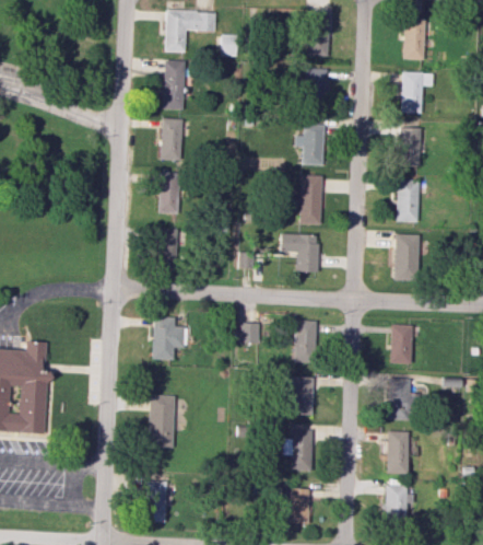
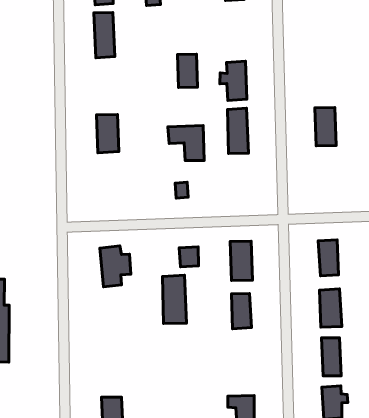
building: [305,68,327,105] -> [177,54,198,88]
building: [400,72,432,114] -> none
building: [161,118,190,160] -> none
building: [398,127,421,165] -> none
building: [155,229,179,262] -> none
building: [281,233,319,273] -> [168,125,204,161]
building: [393,233,420,280] -> none
building: [148,395,174,448] -> [162,275,186,324]
building: [283,429,313,472] -> none

